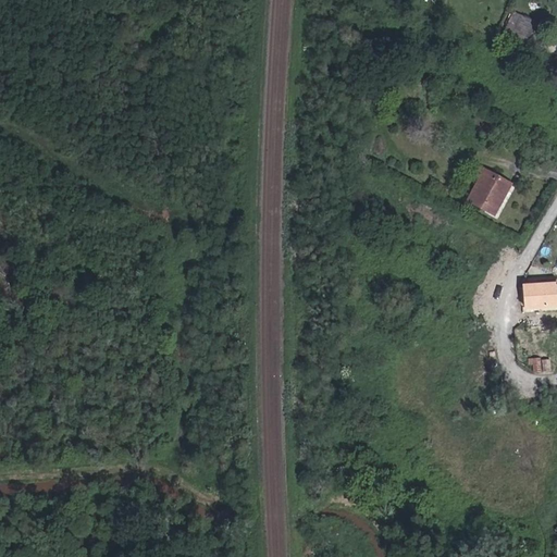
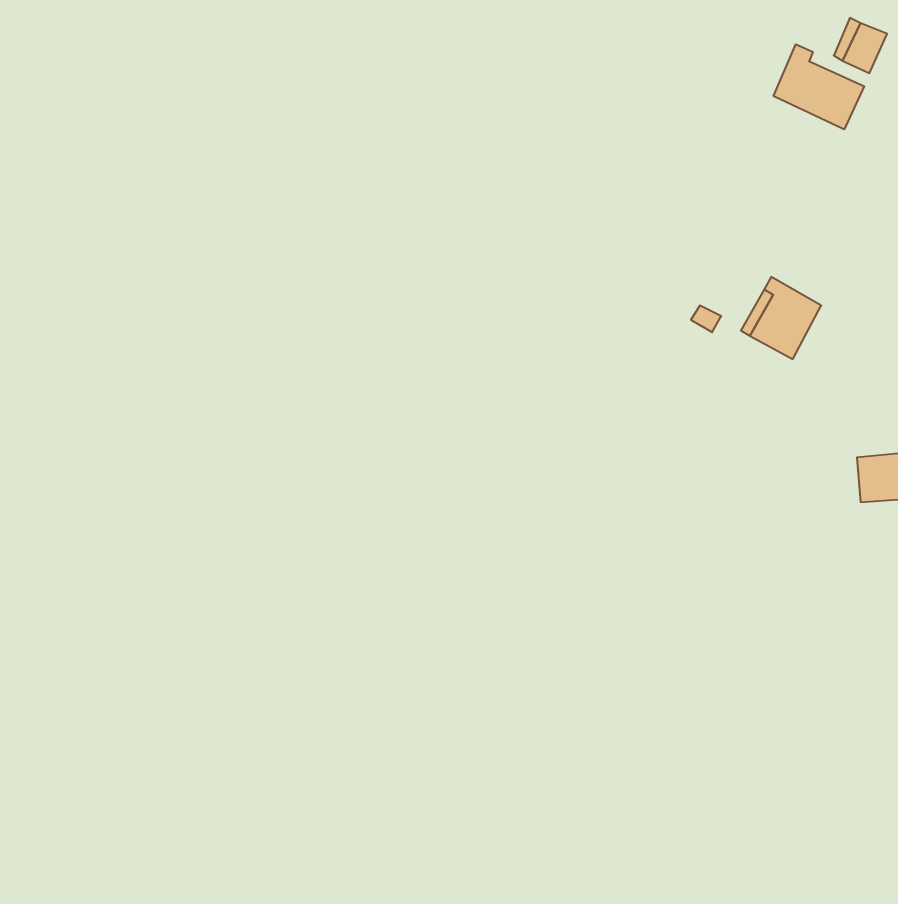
building: none -> [774,44,864,129]

